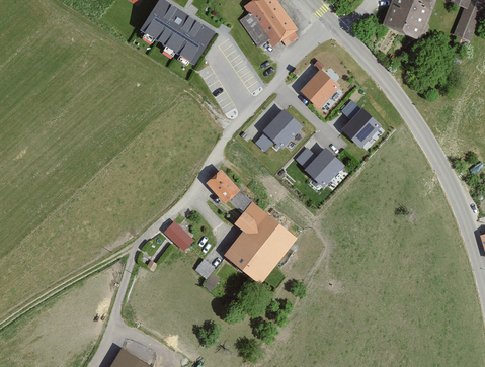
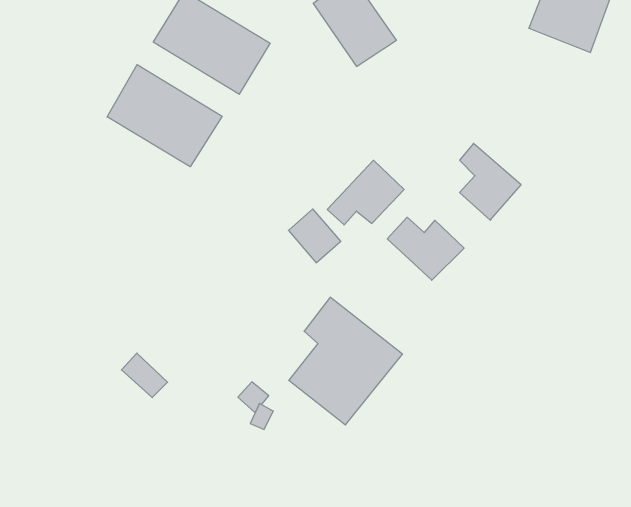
building: none -> [107,65,222,167]
building: [297,71,338,112] -> none
building: [208,167,242,202] -> [288,209,341,263]
building: [161,220,191,250] -> [121,353,168,398]

